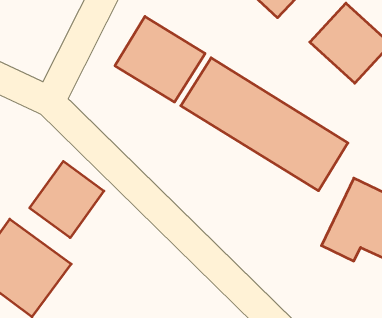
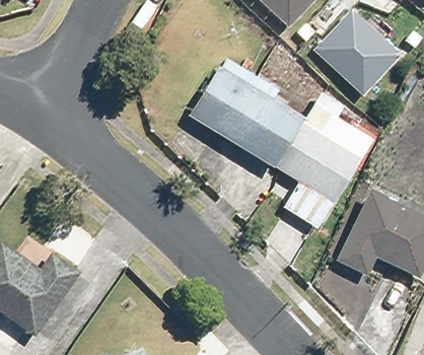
building: [115,16,205,102] -> none
building: [30,161,104,238] -> none

